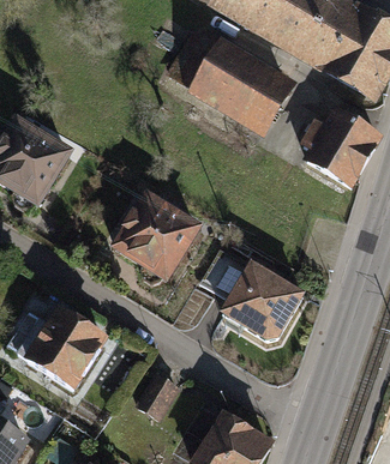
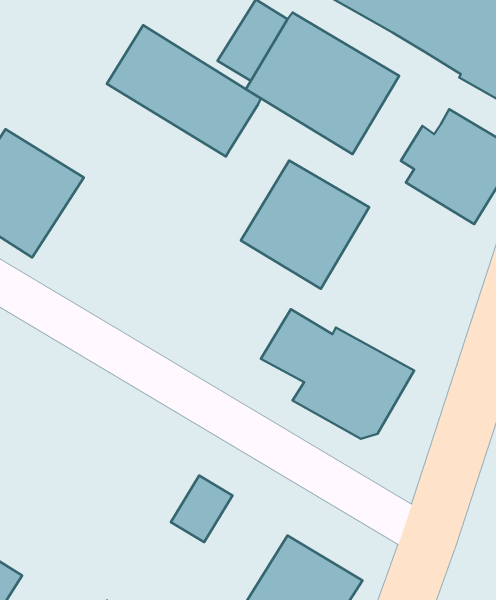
building: none -> [107,25,261,156]
building: [108,193,200,285] -> [241,160,369,289]
building: [22,306,107,391] -> none

